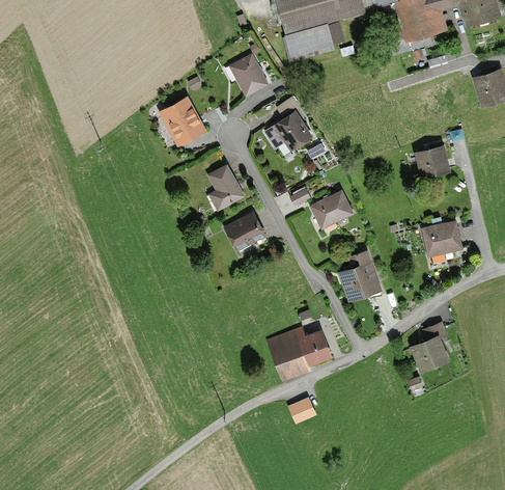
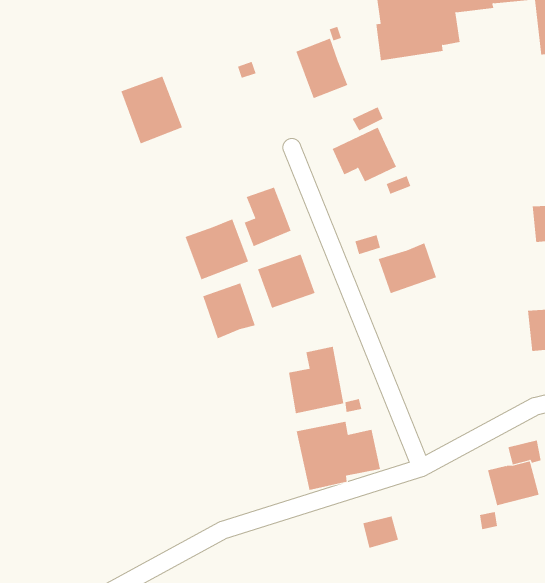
building: [158,97,206,148] -> [120,76,183,144]
building: none -> [185,218,249,280]
building: none -> [202,283,256,339]
building: [337,250,381,303] -> [288,346,344,414]
building: [287,398,315,424] -> [362,516,399,549]

